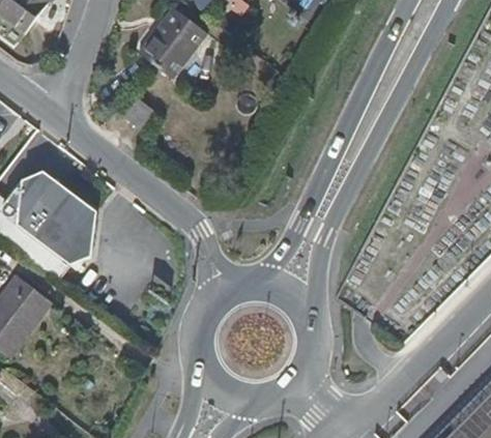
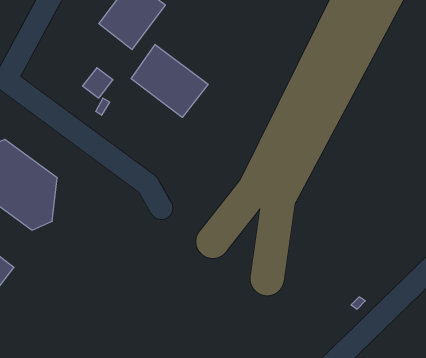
building: none -> [131,44,208,117]

